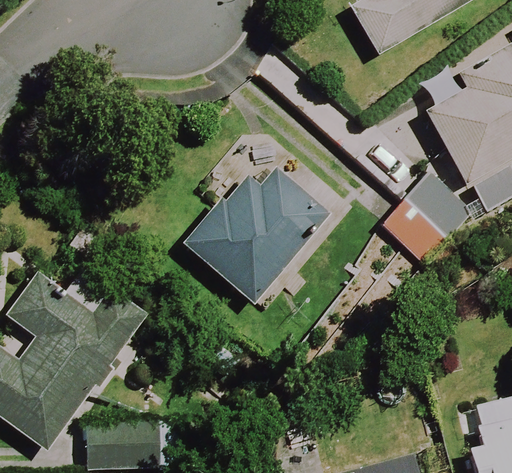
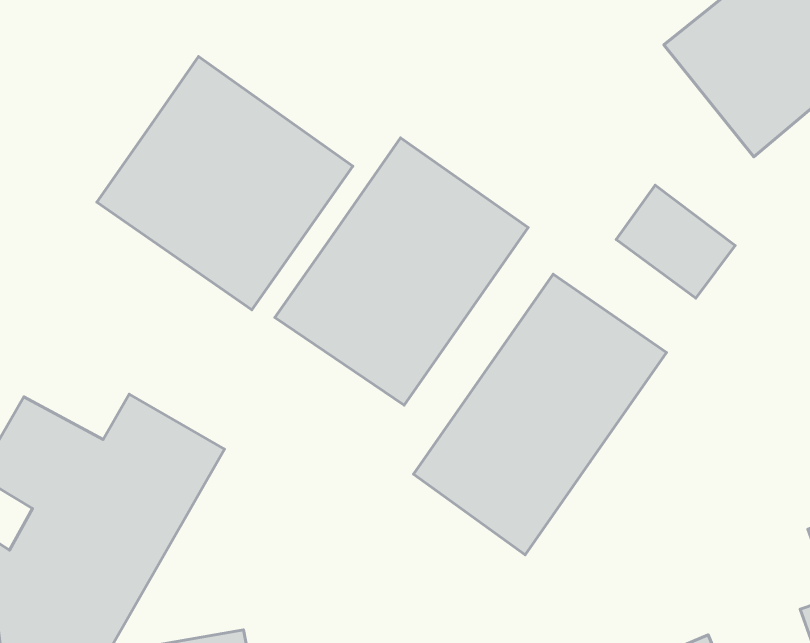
building: none -> [97,57,353,310]
building: none -> [413,274,667,555]

